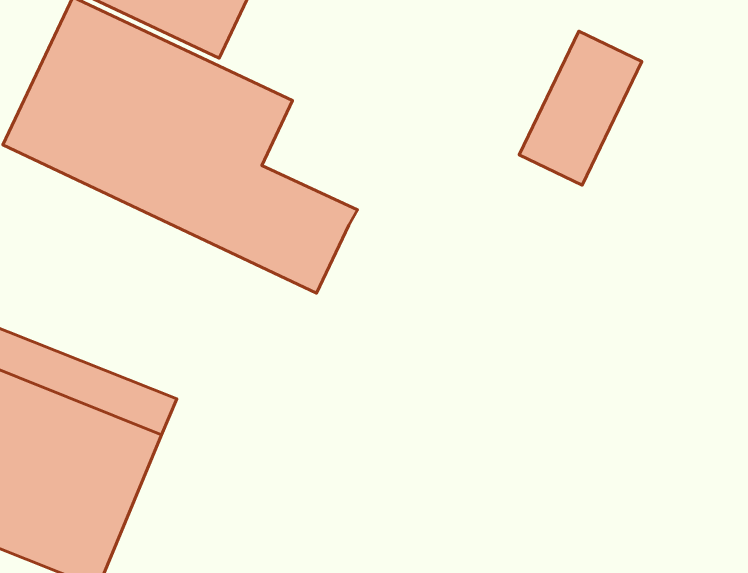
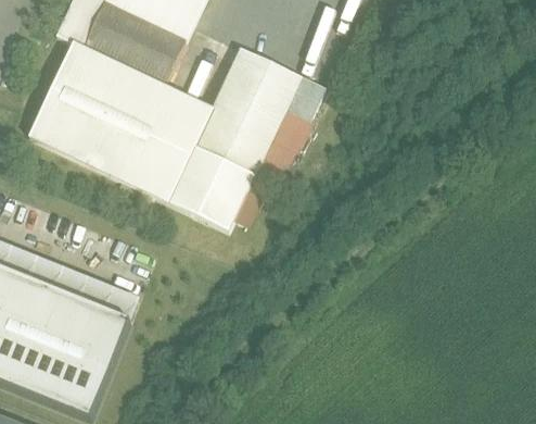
building: none -> [192,46,323,190]
building: [519,31,642,185] -> none

